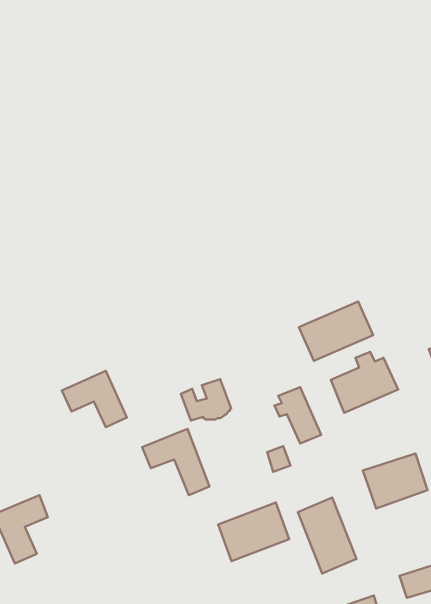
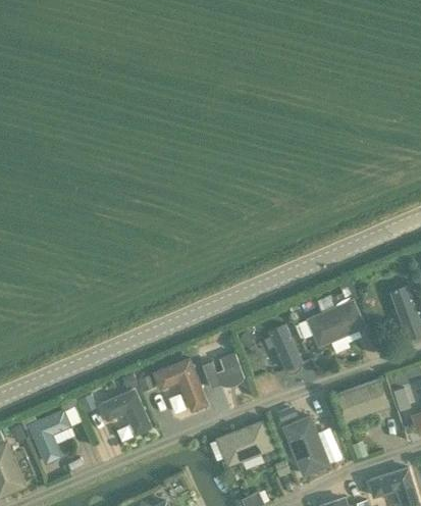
building: [299,301,373,361] -> none
building: [62,371,127,427] -> [98,389,152,436]
building: [181,379,231,421] -> [202,354,244,389]

